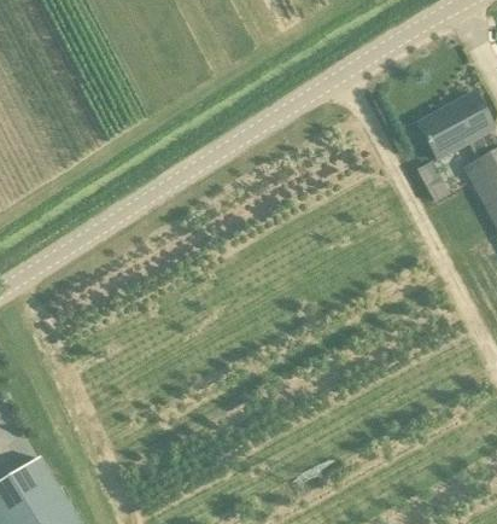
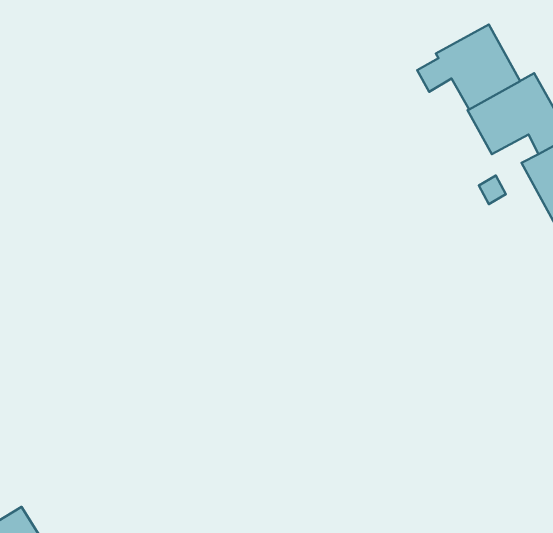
building: none -> [417,25,520,109]

